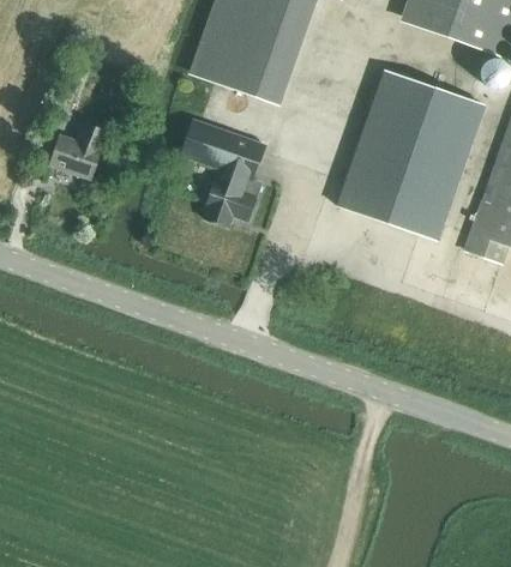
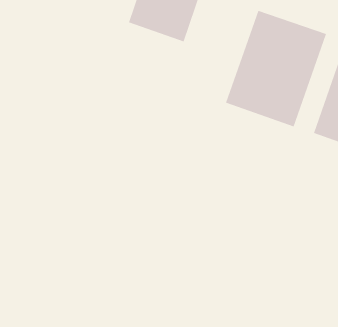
building: [179,117,267,227] -> none
building: [49,121,109,179] -> none

